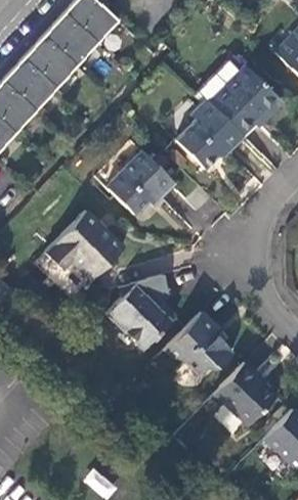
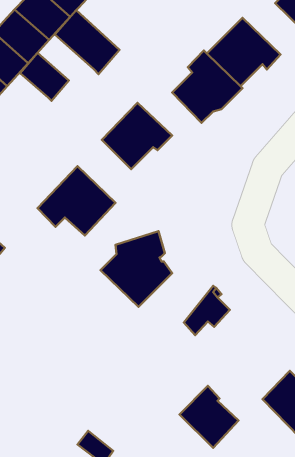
building: none -> [55,10,120,74]
building: none -> [20,53,69,101]
building: [164,311,217,362] -> none
building: [218,362,275,422] -> [179,386,238,448]

